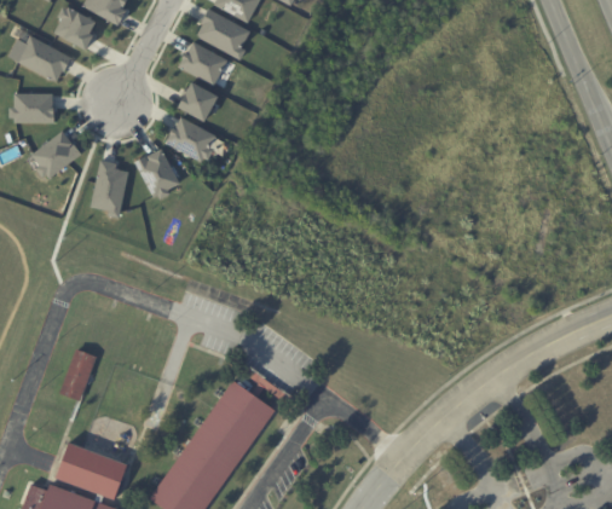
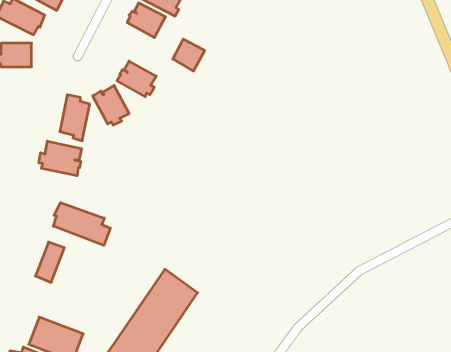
building: [178,81,219,122] -> [173,39,205,71]
building: [33,131,83,179] -> none
building: none -> [39,141,82,176]
building: none -> [53,203,110,245]

